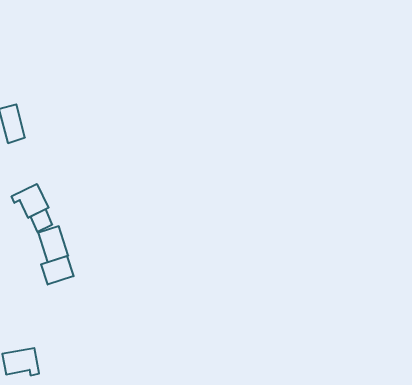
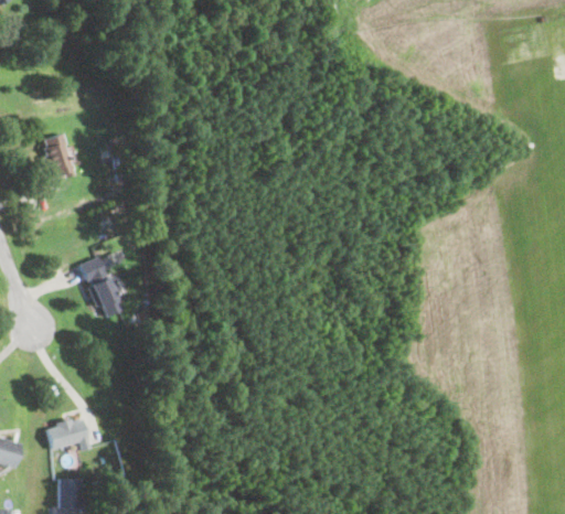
building: [12,184,49,218] -> none
building: [41,256,74,285] -> none

